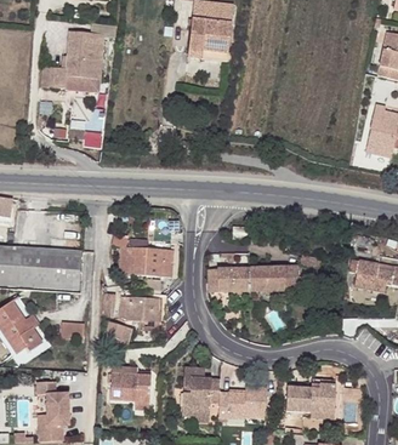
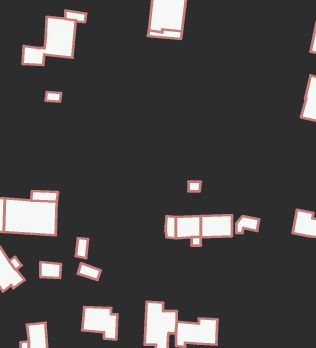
building: [118,247,174,276] -> none
building: [126,296,160,321] -> none
building: [286,383,336,413] -> none

